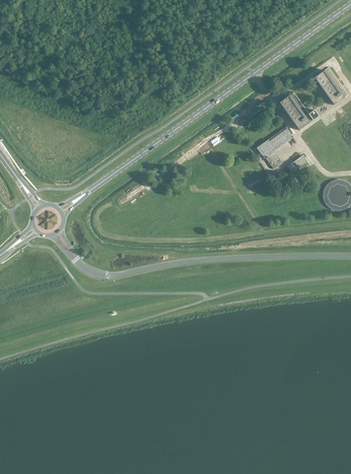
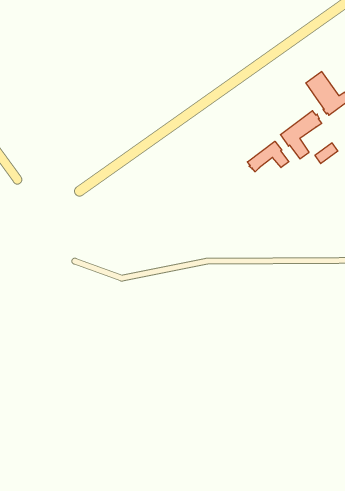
building: none -> [247,141,289,172]

